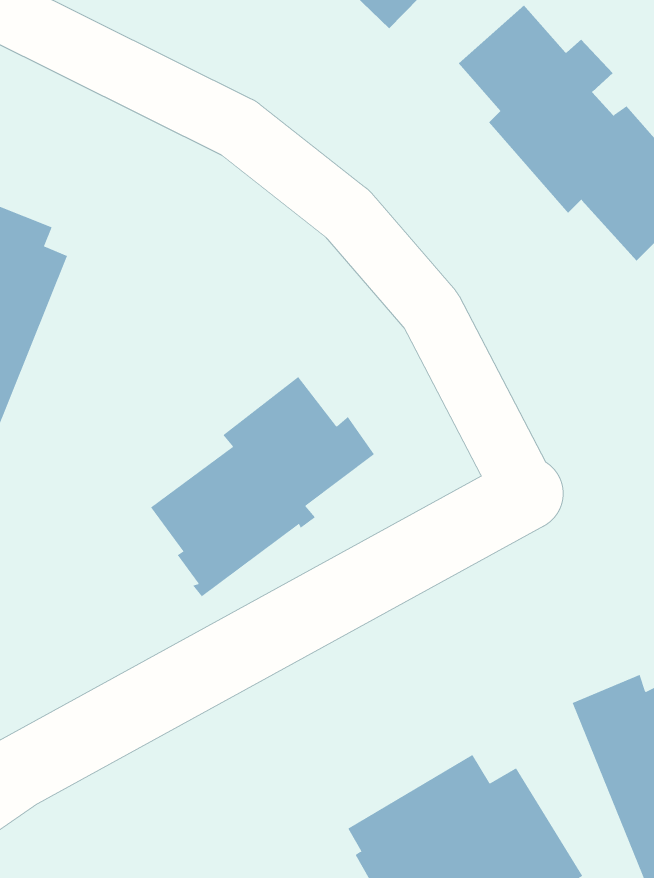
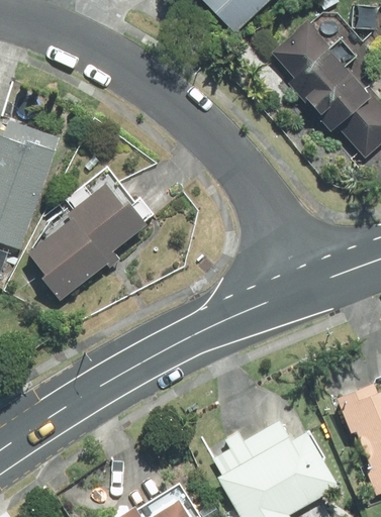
building: [150,376,375,597] -> [34,183,154,300]

